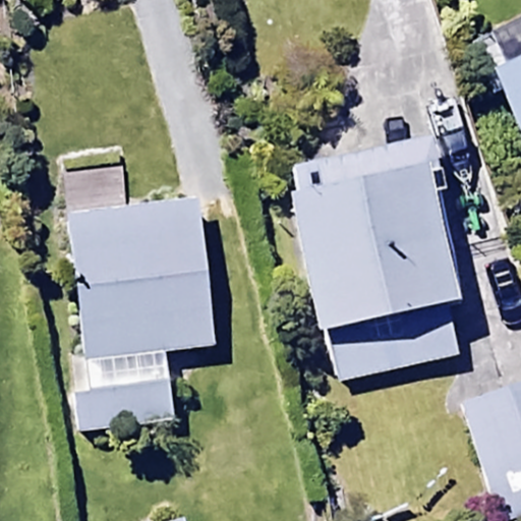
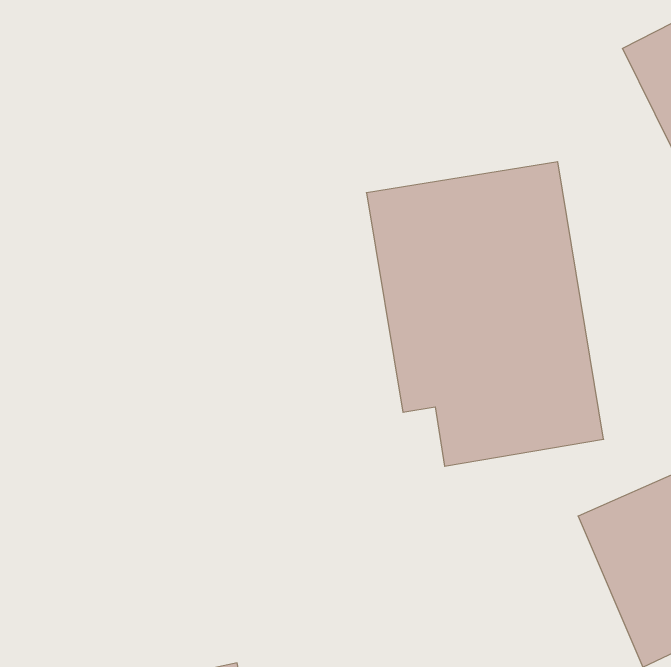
building: [79,196,208,394] -> none

